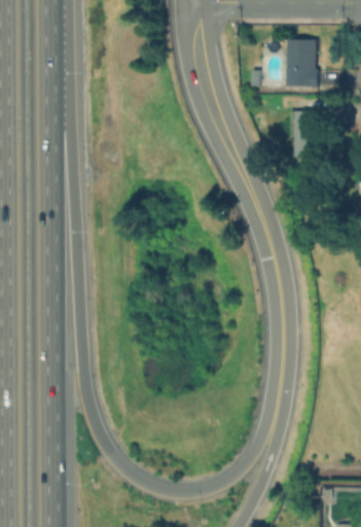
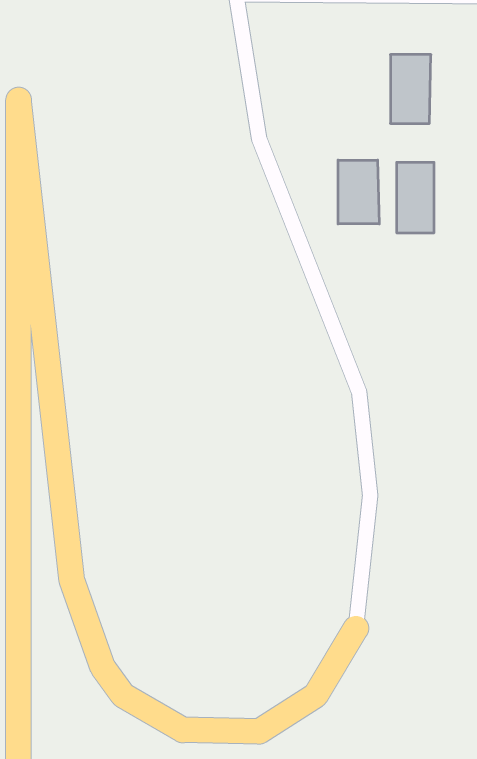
building: none -> [338,160,379,224]

